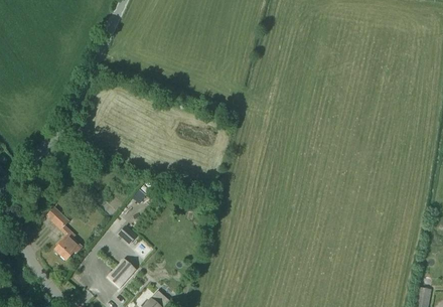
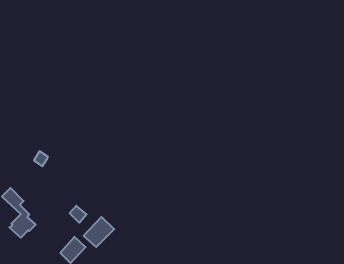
building: none -> [84,217,114,247]

